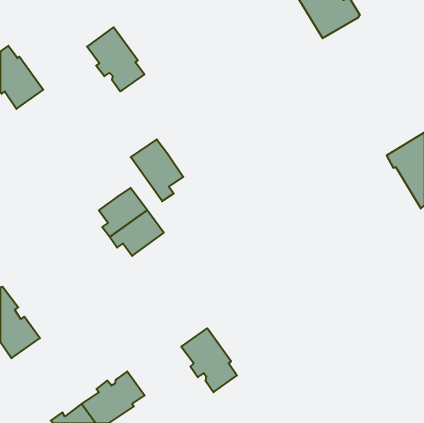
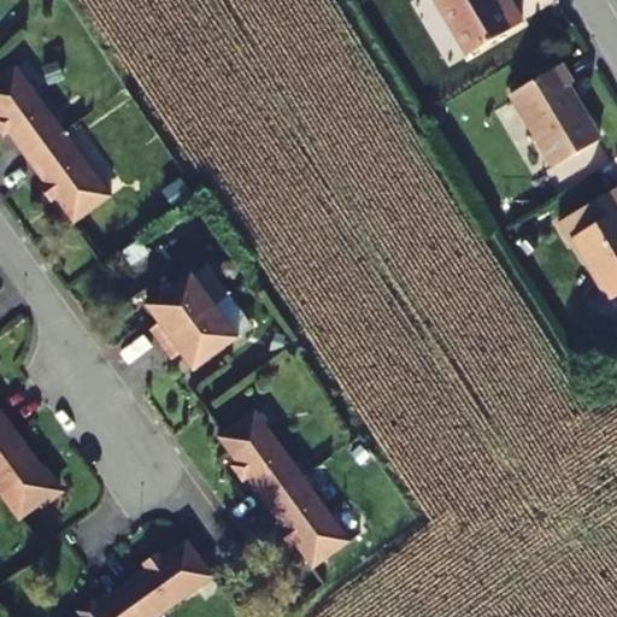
building: [87,27,144,91] -> [25,130,108,223]
building: none -> [512,64,600,166]
building: [131,139,183,201] -> none
building: none -> [217,412,301,503]

